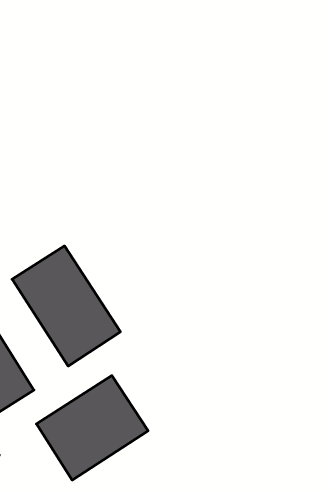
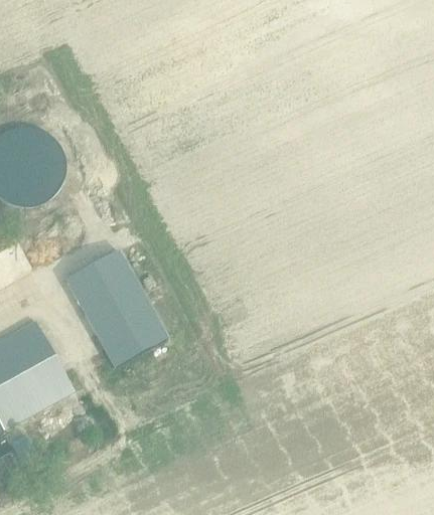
building: [36,376,148,480] -> none

